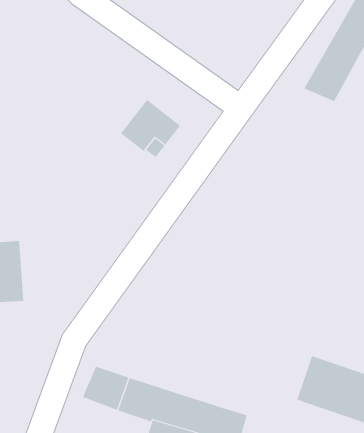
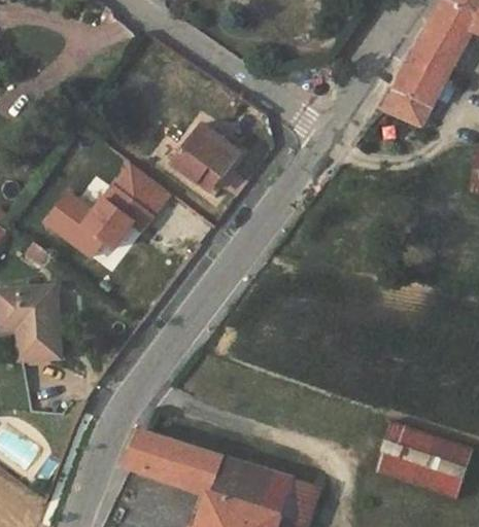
building: none -> [39,161,171,261]

